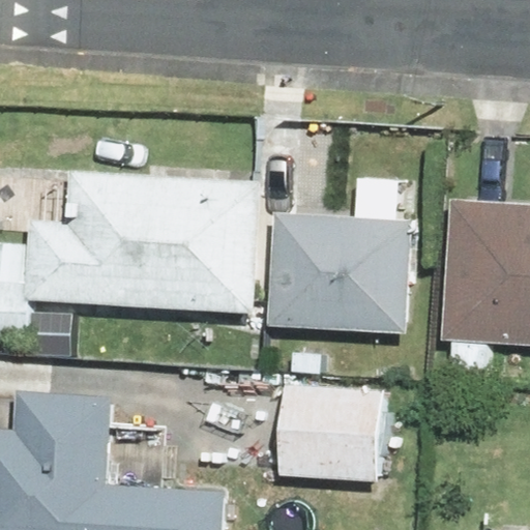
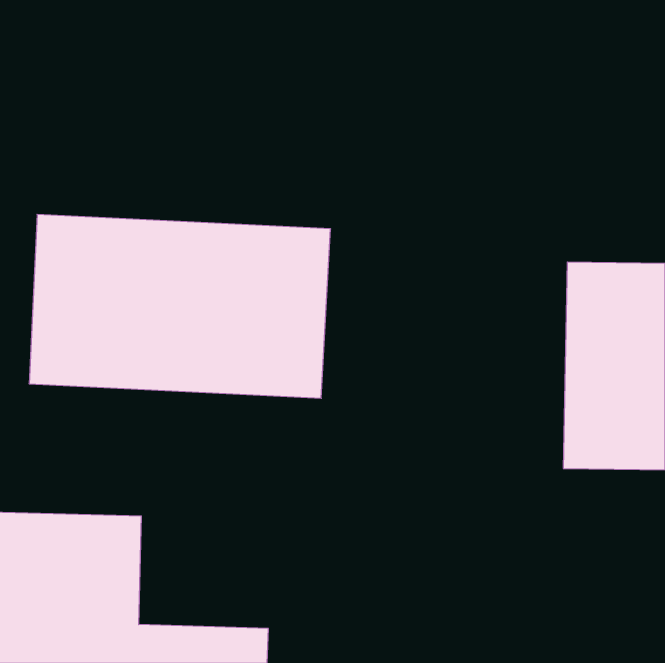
building: [269,213,418,348] -> none
building: [277,384,386,480] -> none

